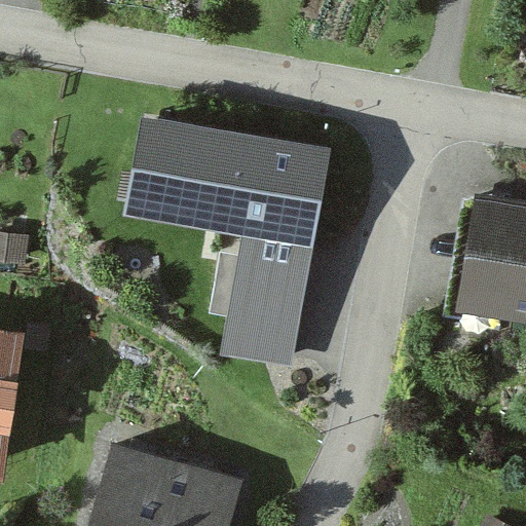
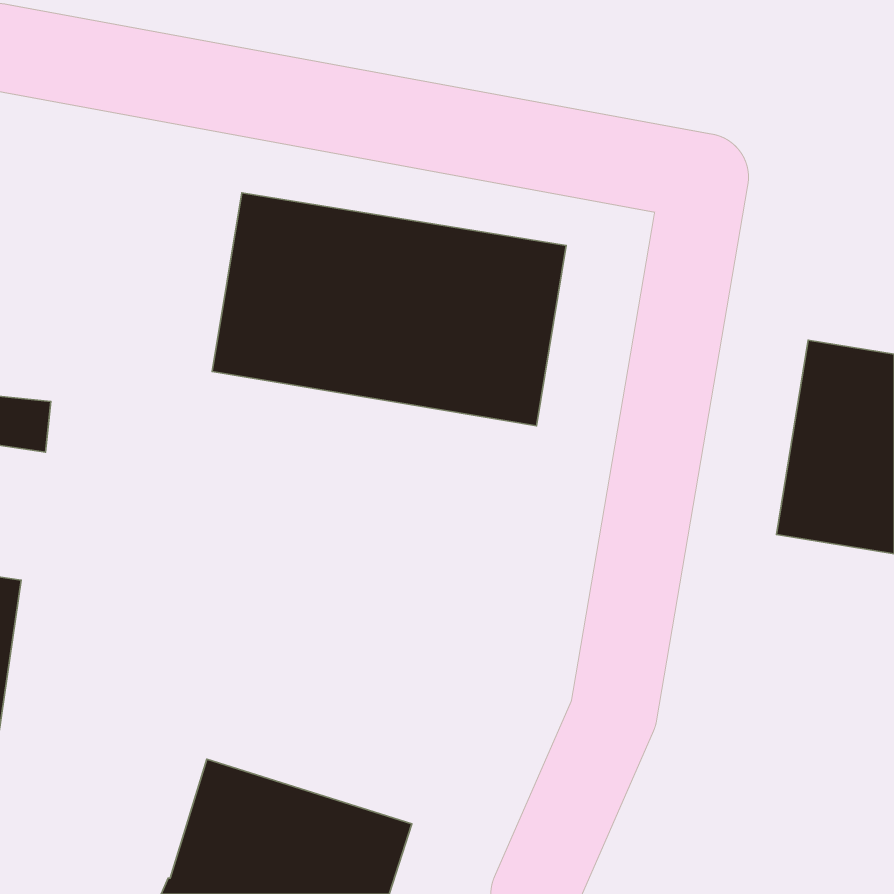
building: [221,237,314,369] -> none

